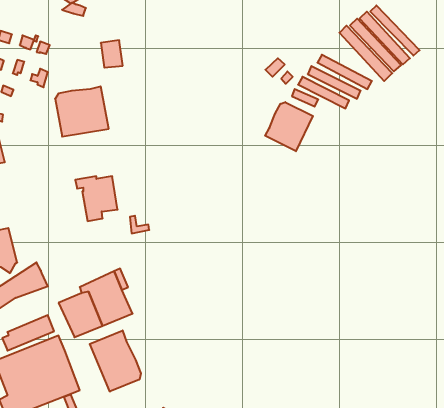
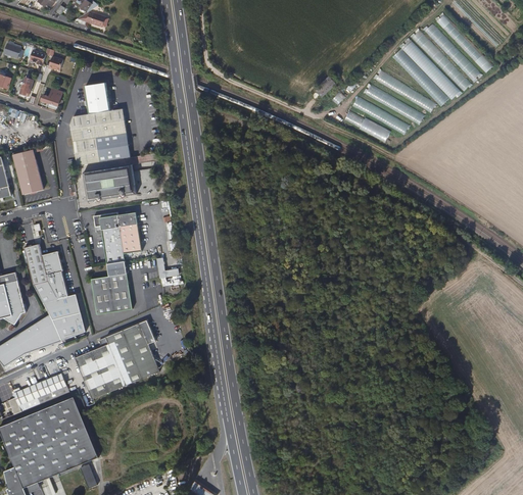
building: [101,40,123,68] -> [84,81,109,112]
building: [265,102,313,151] -> none
building: none -> [12,148,42,195]
building: none -> [84,165,134,200]
building: none -> [23,244,85,344]
building: none -> [90,260,131,313]
building: [90,330,141,392] -> none

